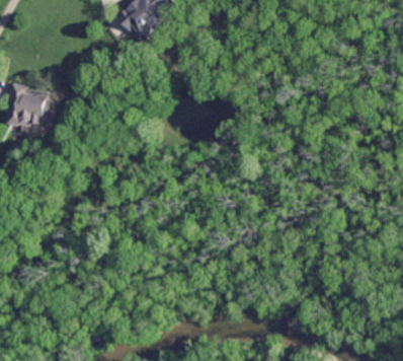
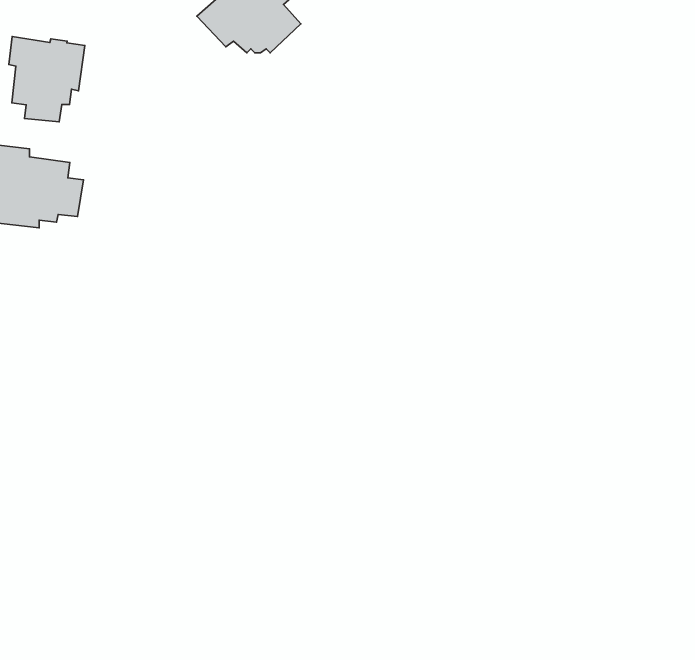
building: none -> [9,37,85,122]

